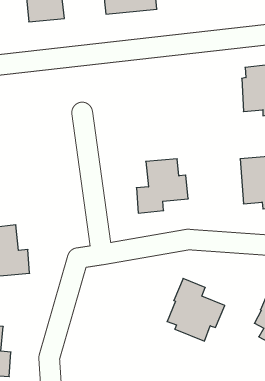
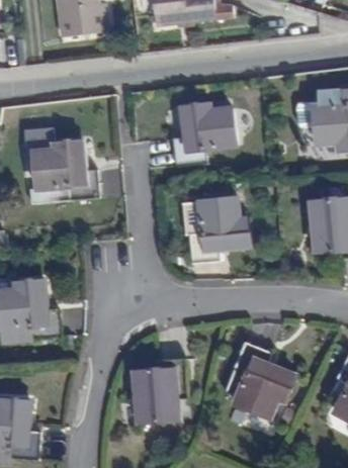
building: none -> [173,103,235,165]
building: none -> [34,137,99,199]
building: none -> [135,358,186,422]

